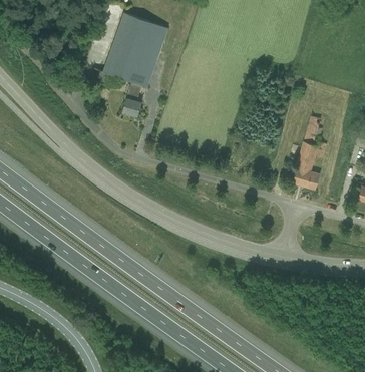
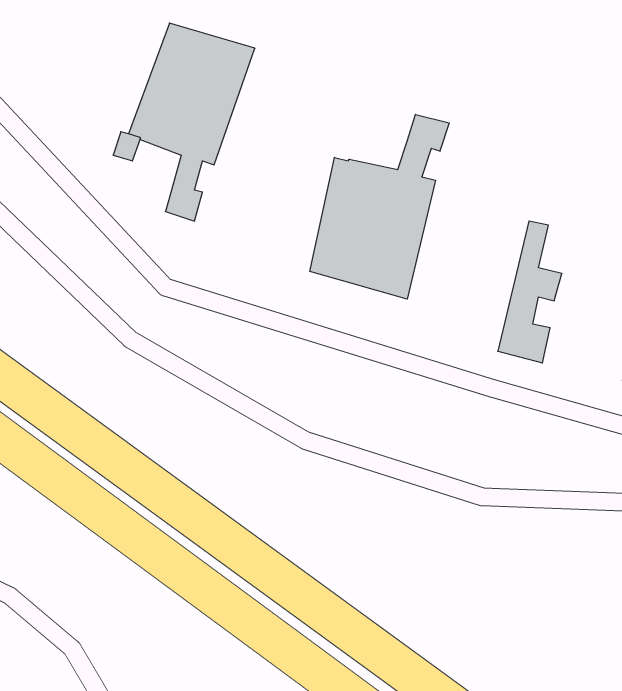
building: none -> [310,114,449,299]

